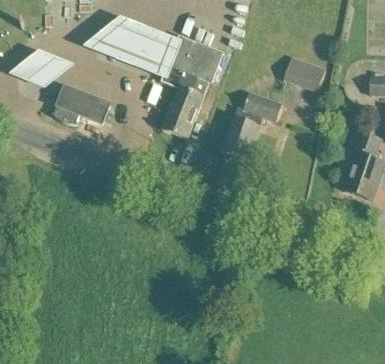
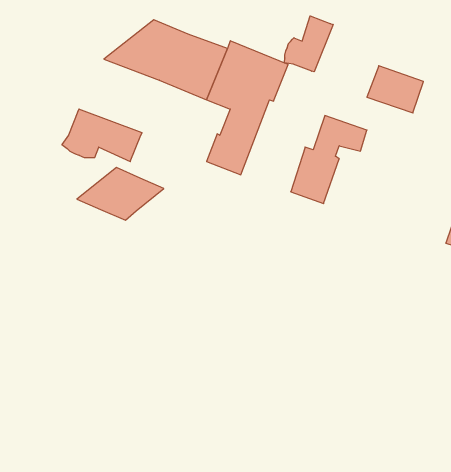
building: none -> [284,16,333,72]
building: [10,51,76,91] -> [77,168,164,220]

